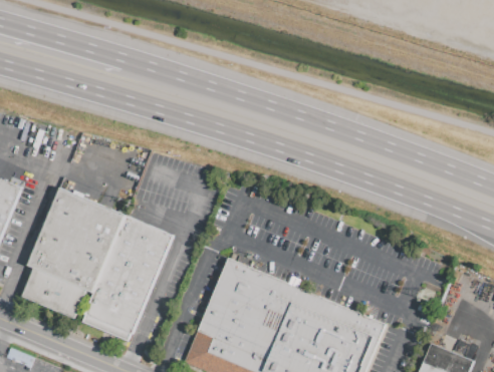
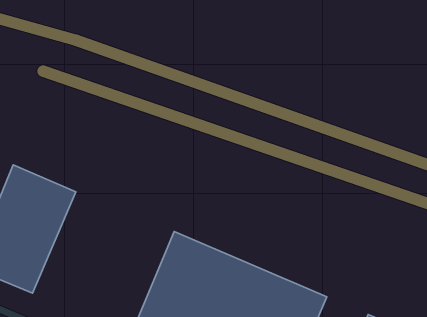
building: [80,216,173,341] -> none

